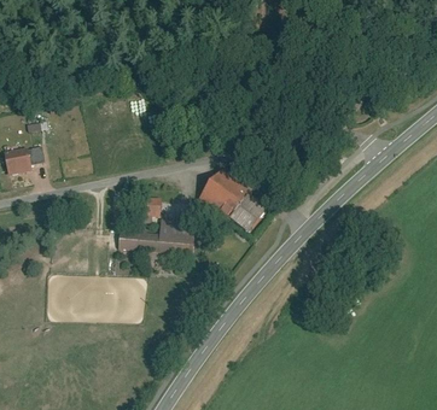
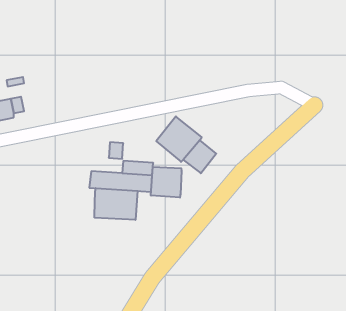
building: none -> [151,167,181,198]
building: none -> [94,188,138,220]

